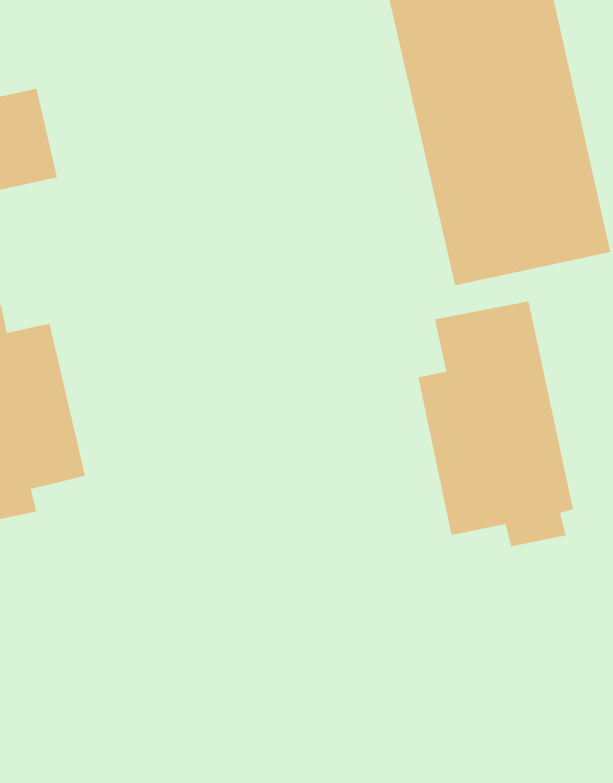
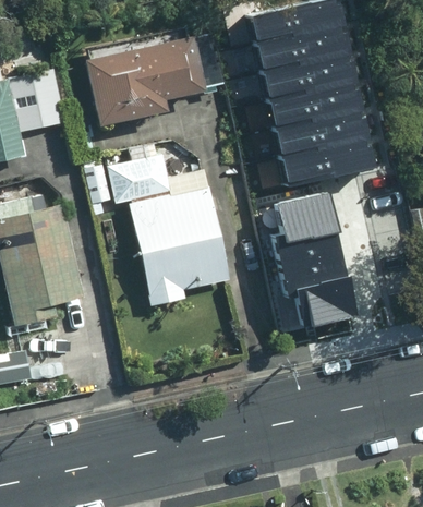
building: none -> [77,36,200,125]
building: none -> [87,154,228,304]

